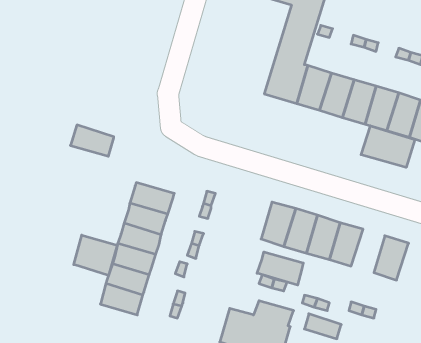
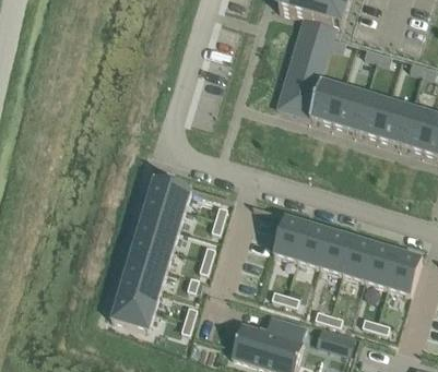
building: [70,125,114,156] -> [147,176,191,207]
building: [361,126,415,167] -> none
building: none -> [364,243,398,287]
building: [74,235,117,276] -> none
building: [257,252,303,285] -> none

